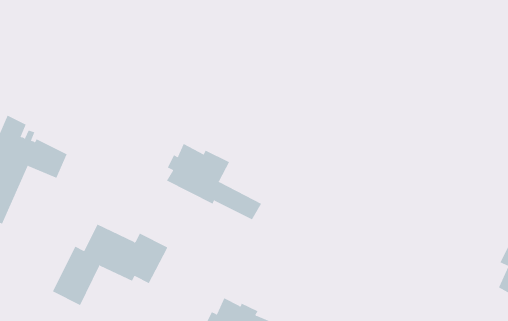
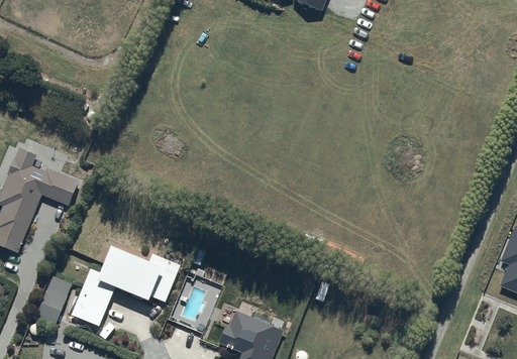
building: [166,143,262,220] -> none
building: none -> [37,280,73,330]

